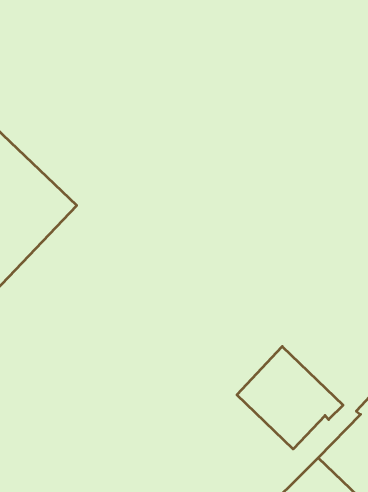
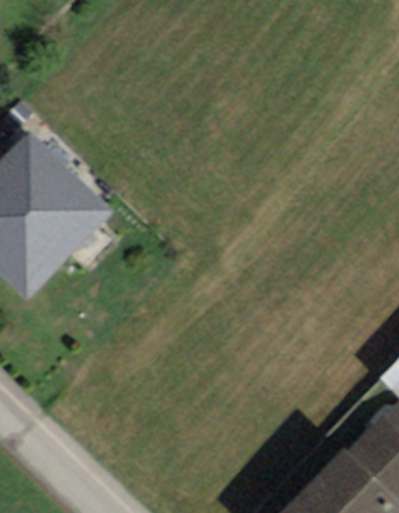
building: [237,346,343,449] -> none

